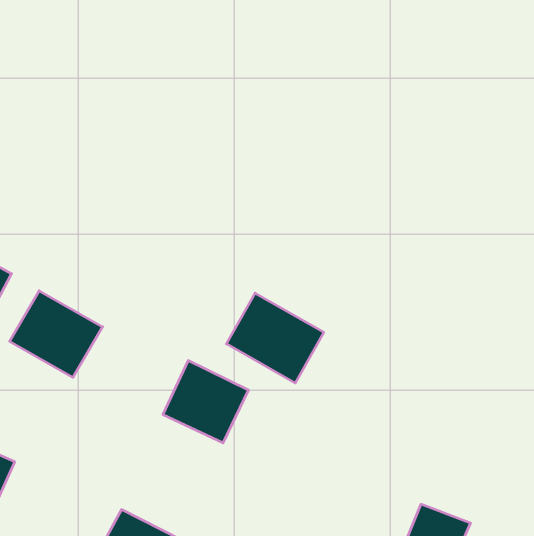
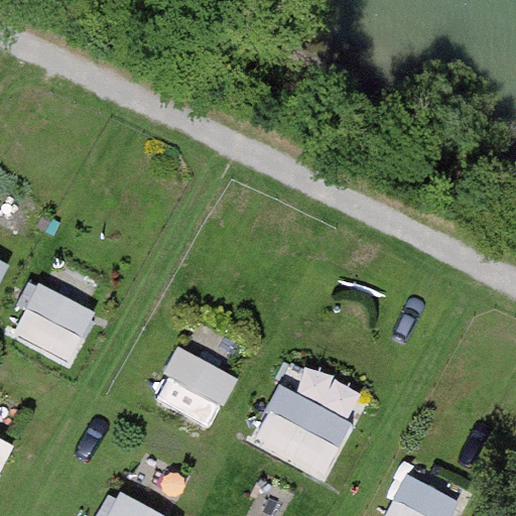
building: [226,293,324,383] -> [250,383,343,469]

